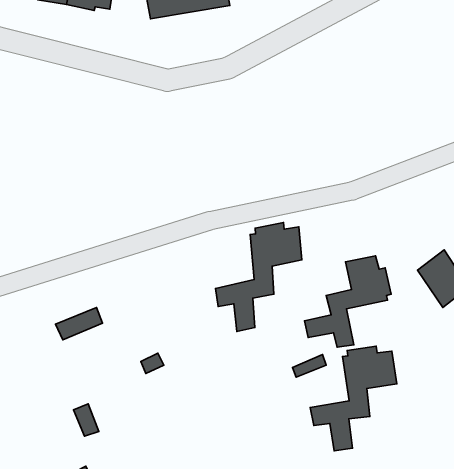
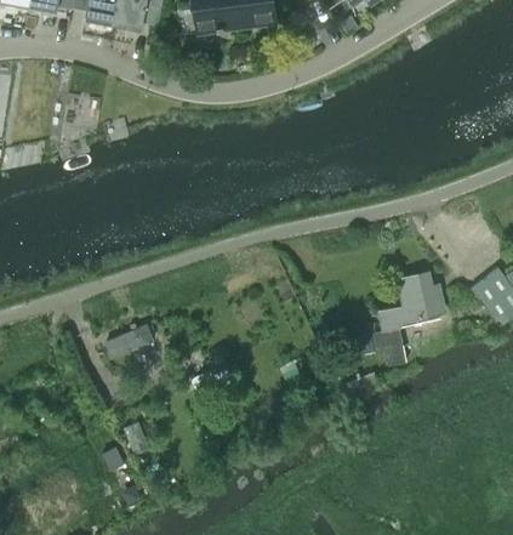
building: [216,222,302,331] -> none
building: [310,346,397,451] -> none

